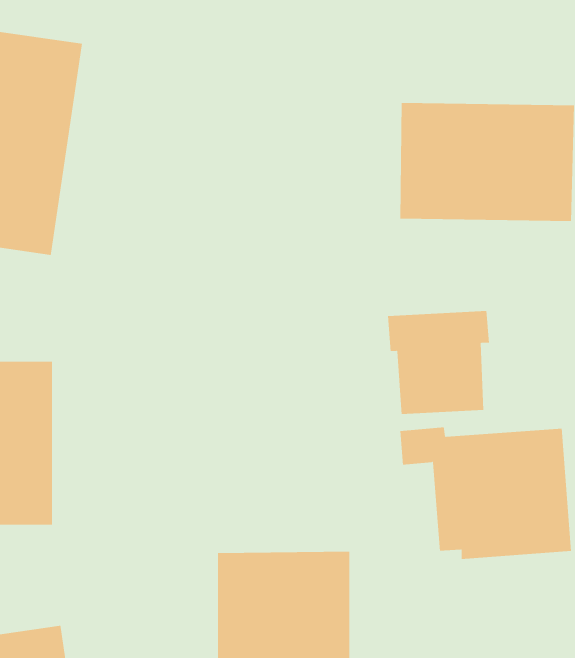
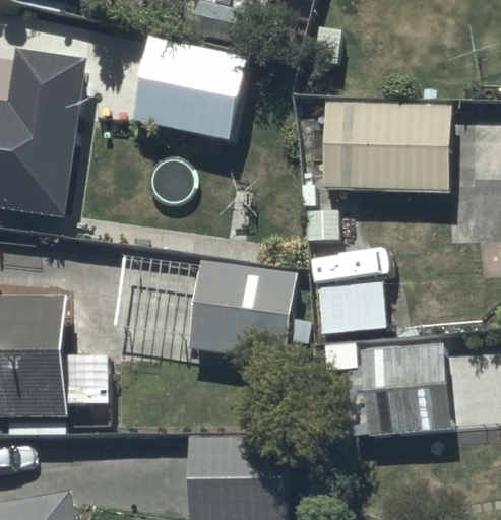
building: none -> [133,36,247,138]
building: none -> [110,256,307,363]

